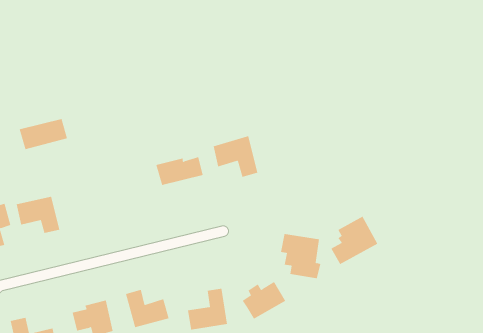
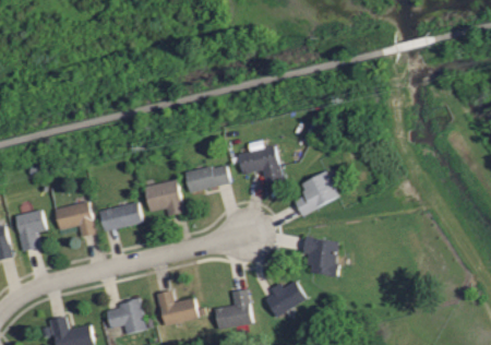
building: [19,119,68,150] -> [95,202,141,231]
building: none -> [145,178,184,216]
building: [330,216,378,265] -> [292,170,337,216]

